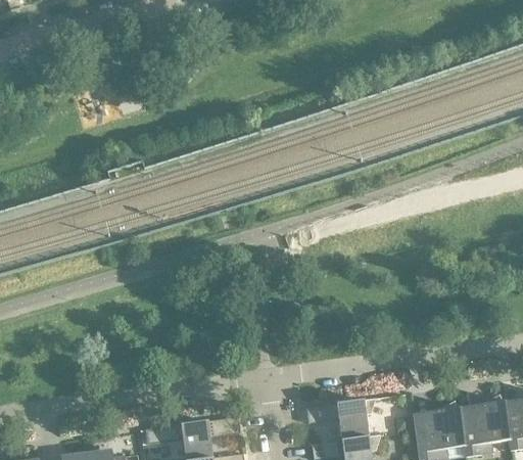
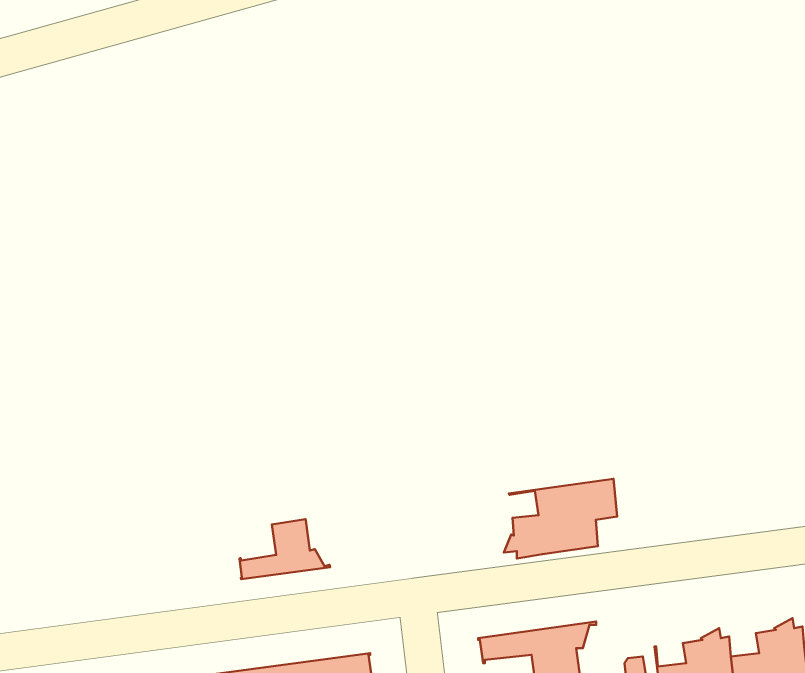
building: none -> [504,479,617,558]
building: none -> [239,519,330,579]

